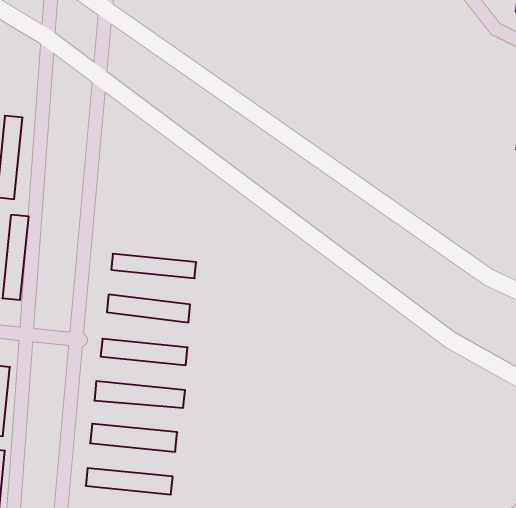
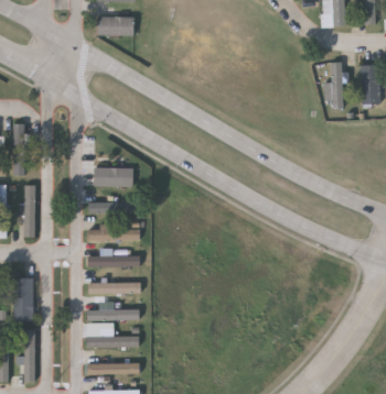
building: none -> [94,167,132,185]

